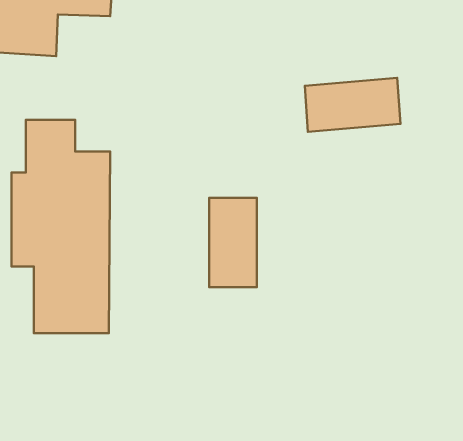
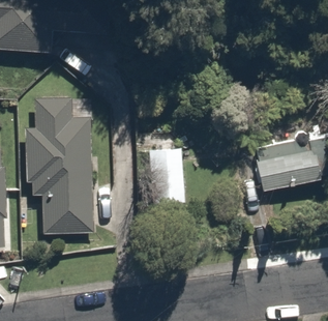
building: [305,78,400,132] -> [254,154,316,189]

